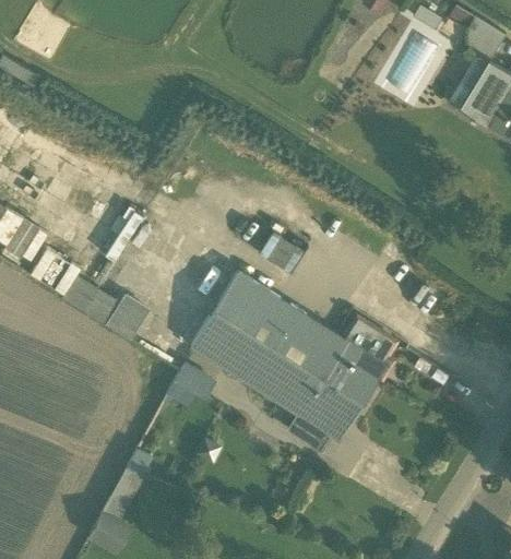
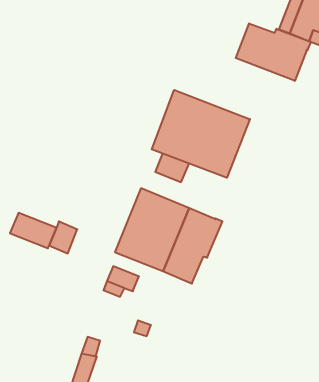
building: none -> [236,23,311,81]
building: none -> [152,90,250,178]
building: [282,319,396,453] -> none

